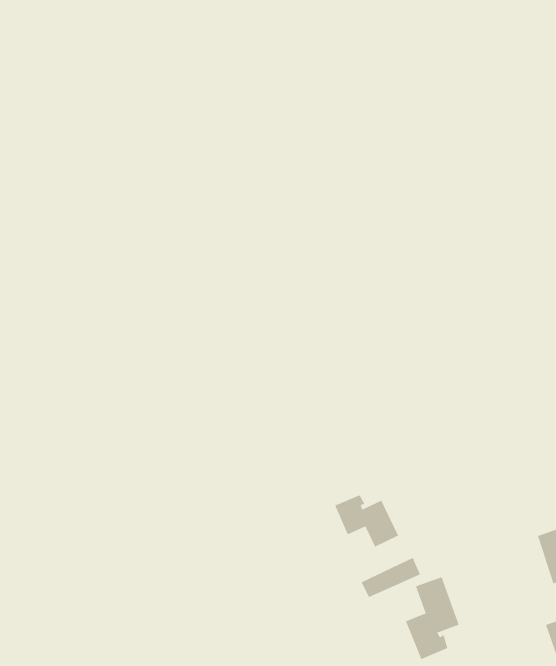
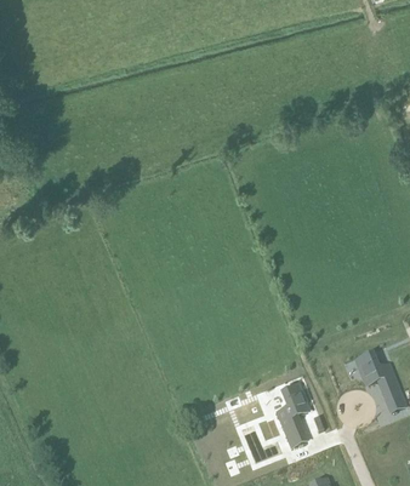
building: [335,495,399,547] -> none

